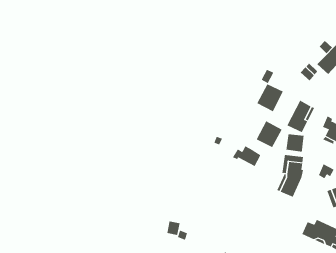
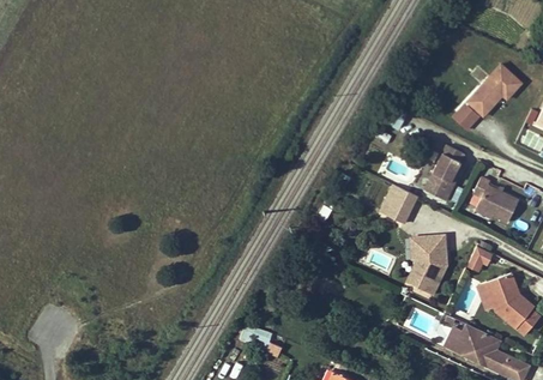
building: [256,83,284,112] -> none
building: [286,134,304,152] -> none
building: [232,146,261,167] -> none

